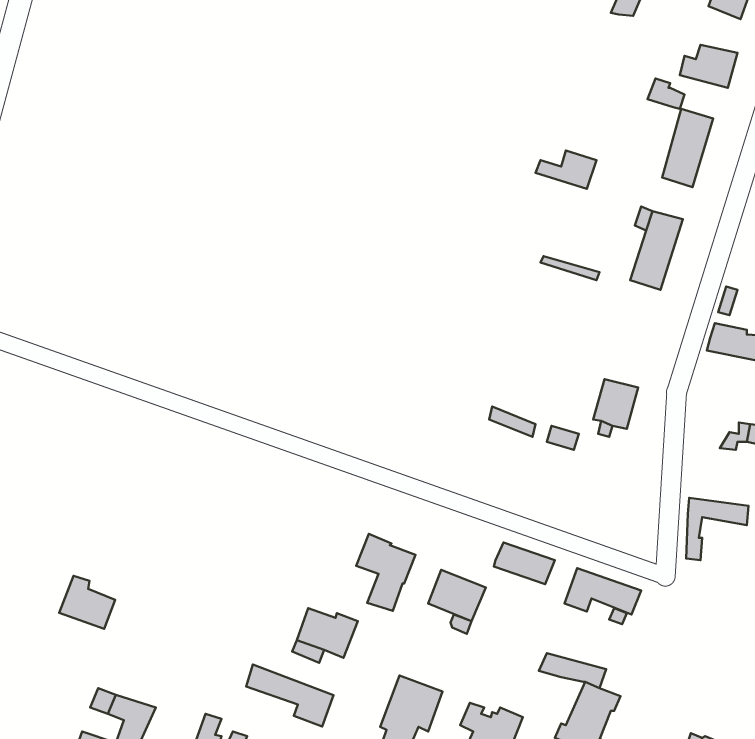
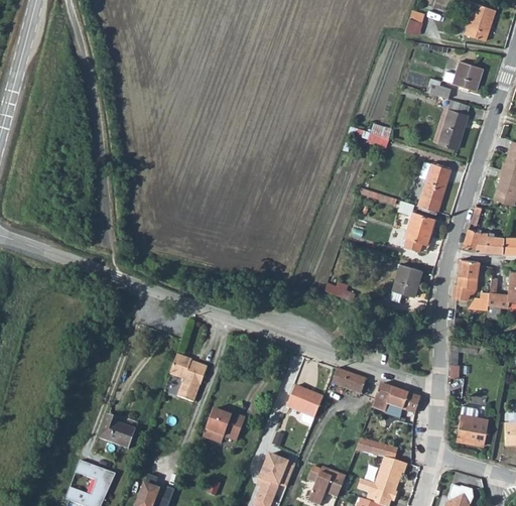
building: none -> [401,212,431,251]
building: none -> [454,262,480,301]
building: [356,534,415,611] -> [169,355,207,403]
building: [59,576,115,629] -> [100,415,135,449]
building: none -> [456,406,489,447]
building: [246,665,334,726] -> none

